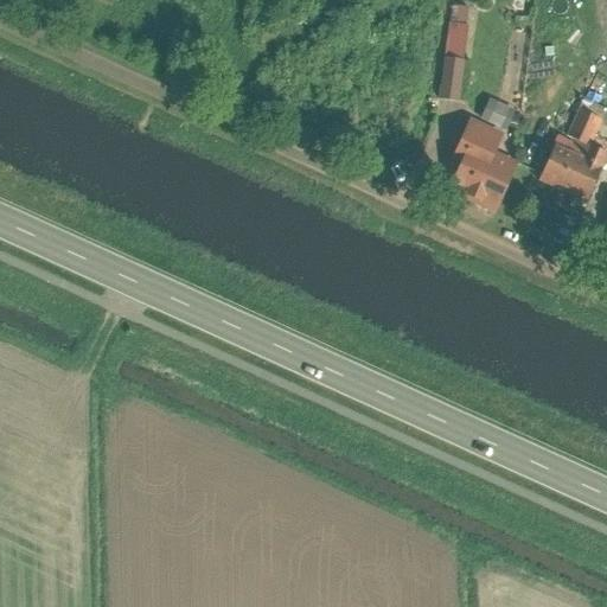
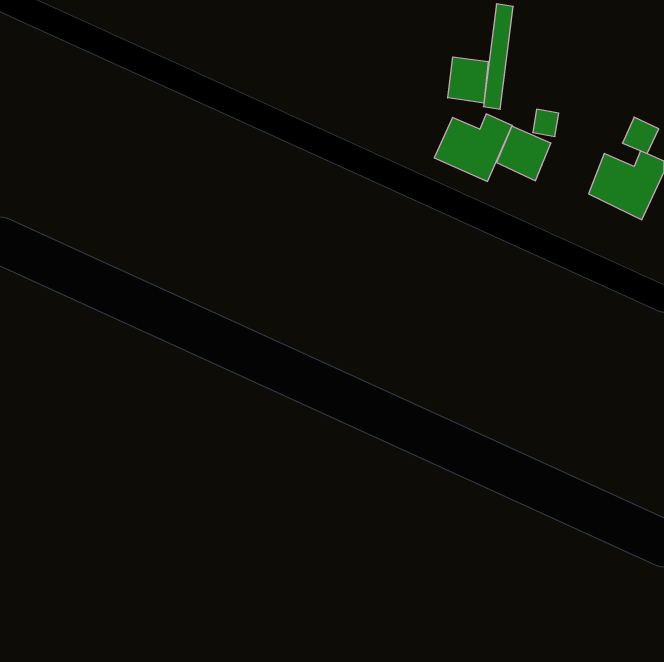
building: none -> [448,57,488,103]
building: [447,151,518,212] -> [434,114,512,181]

